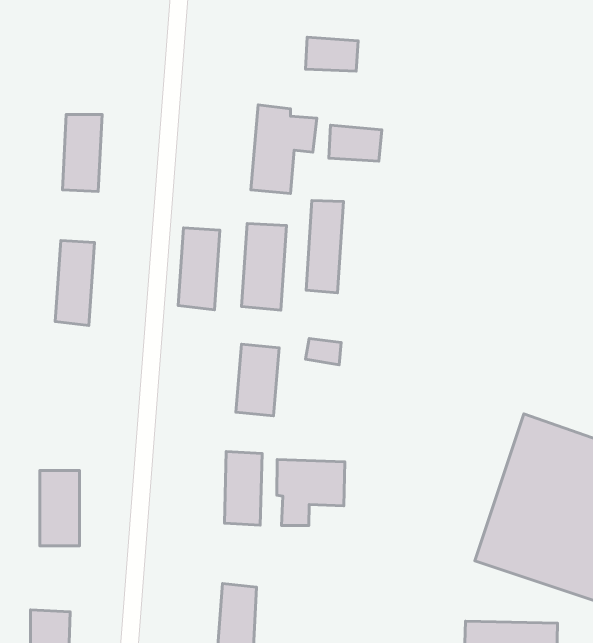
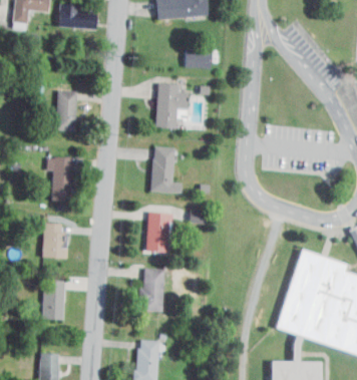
building: [329,125,382,161] -> none
building: [306,201,344,293] -> none
building: [178,228,220,310] -> none
building: none -> [43,225,70,260]
building: [277,460,345,526] -> none

